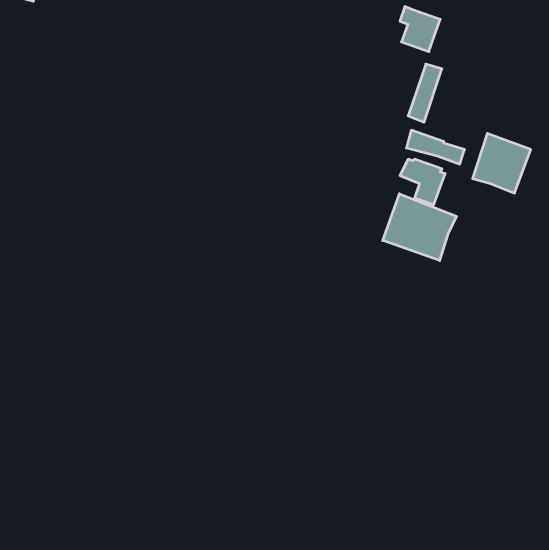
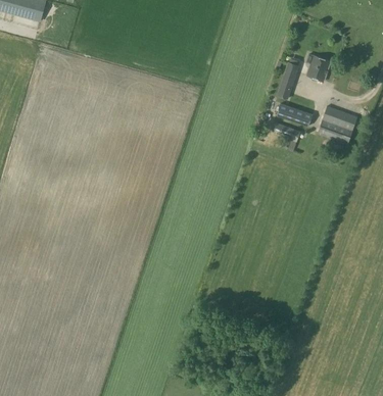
building: [400,7,440,52] -> [306,52,332,81]
building: [383,194,456,261] -> none

